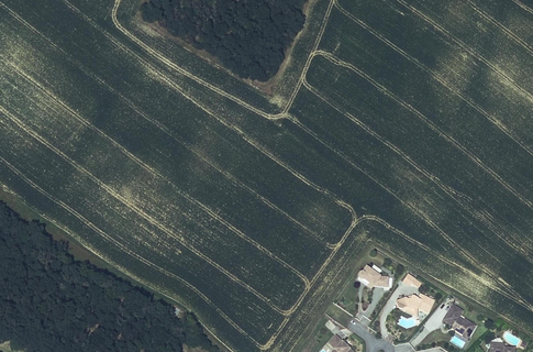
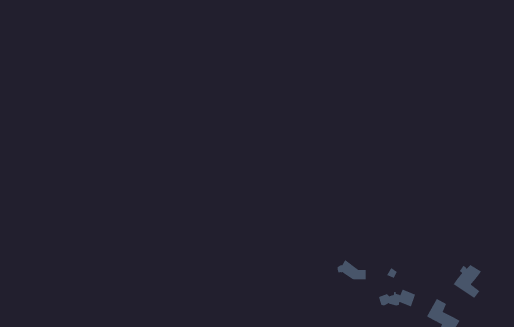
building: none -> [453,264,482,299]

